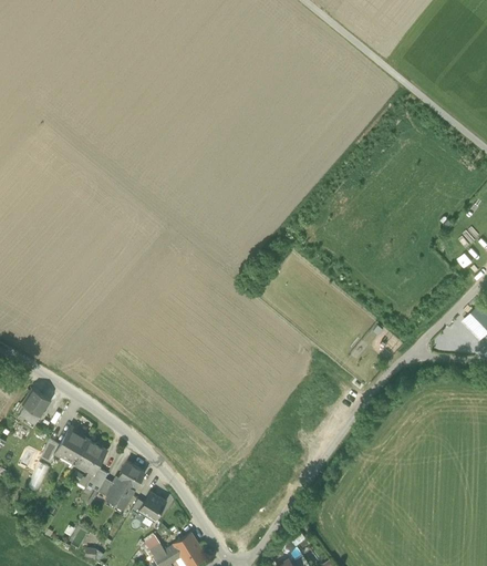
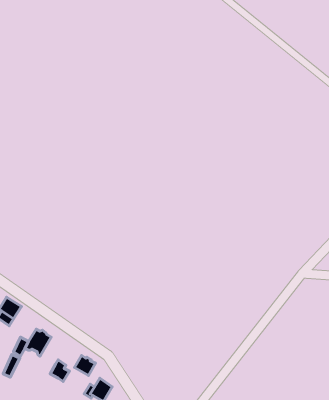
building: [75,440,107,474] -> none
building: [104,478,136,508] -> none

